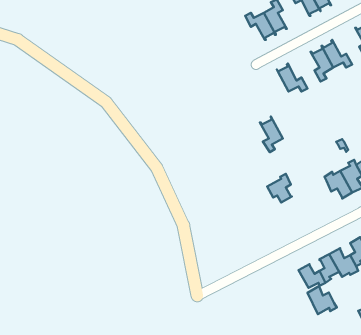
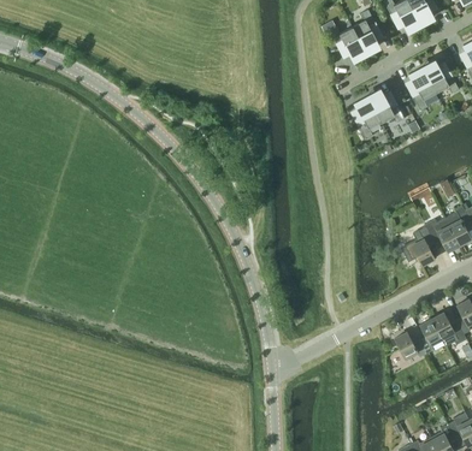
building: [260,117,283,152] -> [354,96,382,140]
building: [267,174,292,203] -> [405,231,435,266]
building: [307,286,337,314] -> none

